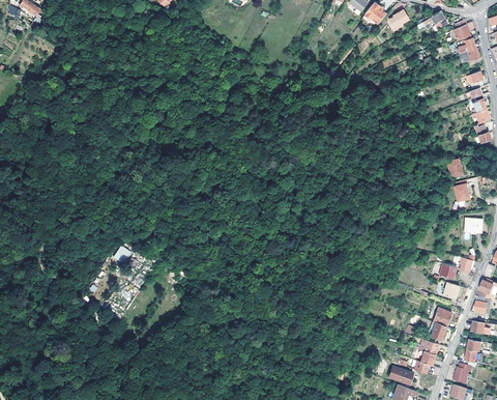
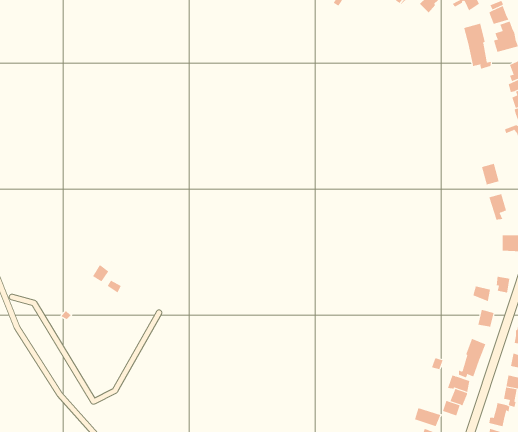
building: none -> [464,23,491,69]

